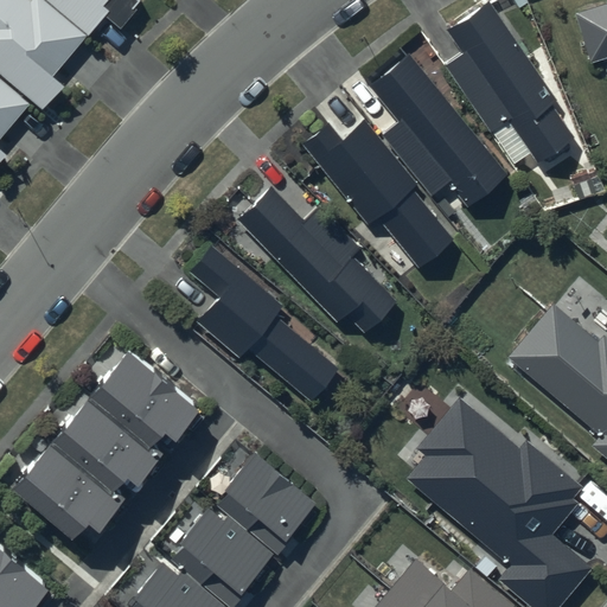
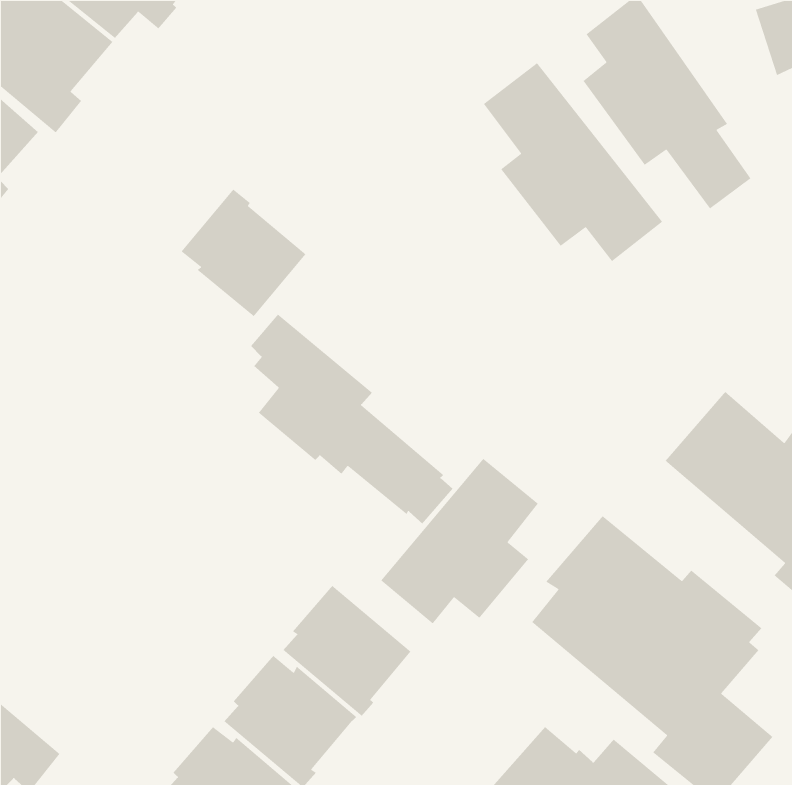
building: [302,121,454,267] -> none
building: none -> [181,189,307,317]
building: [239,187,398,333] -> none
building: [12,346,197,535] -> none
building: none -> [380,458,539,625]

